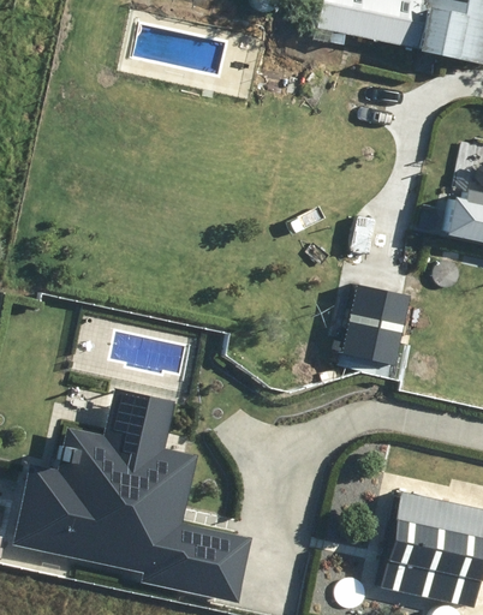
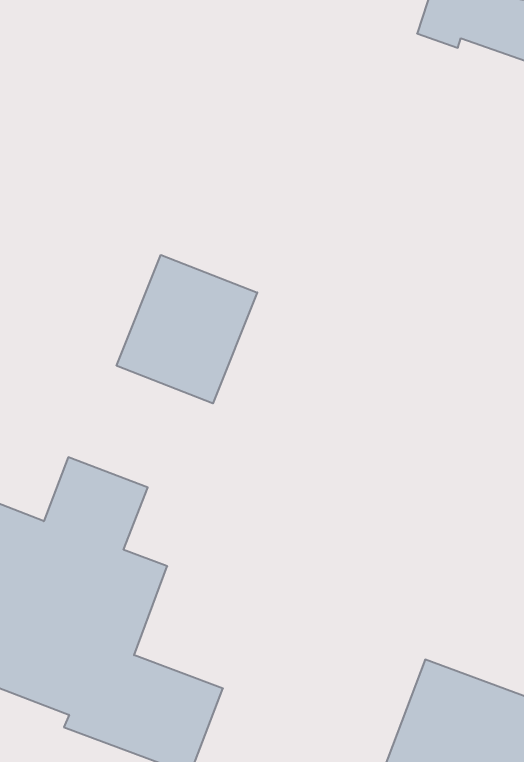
building: none -> [117,255,257,403]
building: [341,286,412,365] -> none

